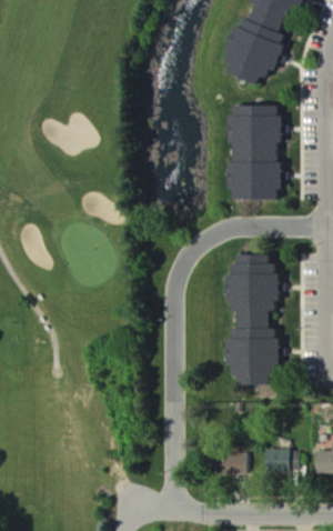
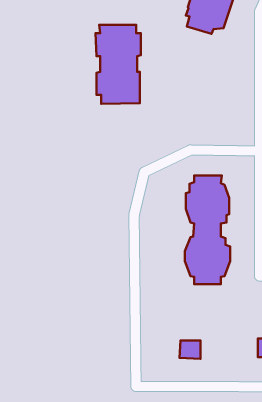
building: [228,104,282,200] -> [96,25,141,104]
building: [264,448,296,472] -> none

